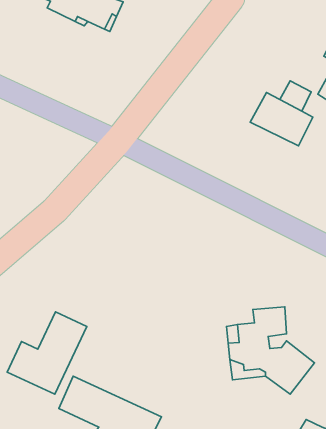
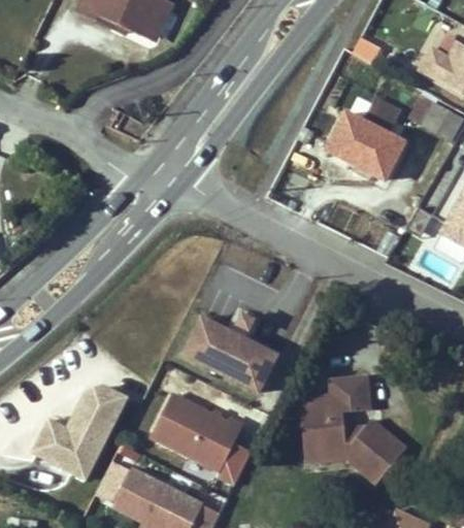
building: none -> [180,316,281,395]
building: none -> [148,390,252,483]

